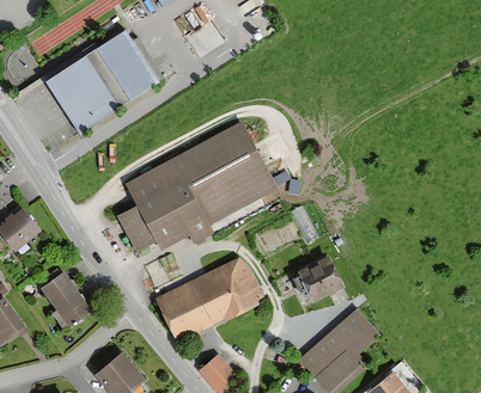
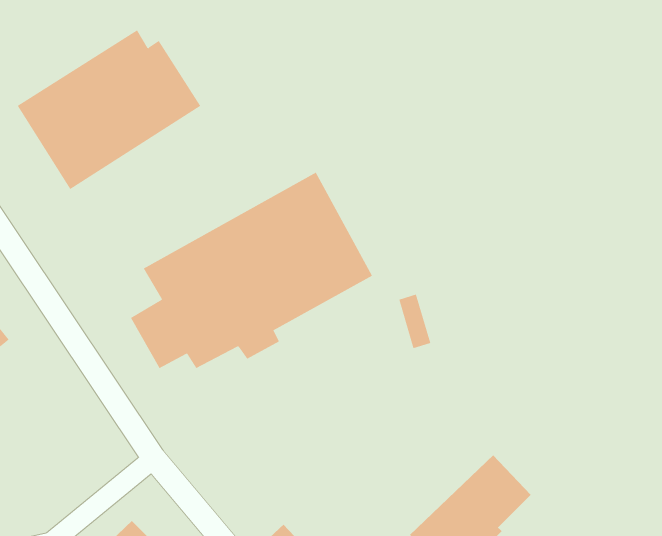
building: [297,256,343,303] -> none
building: [154,258,262,348] -> none
building: [39,271,91,328] -> none

